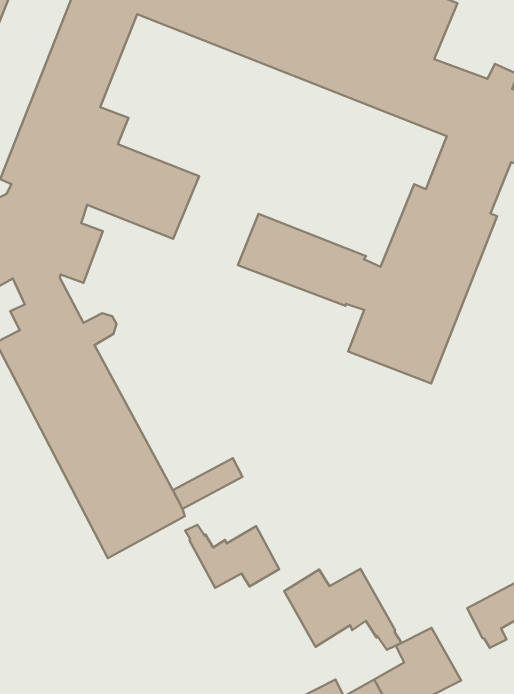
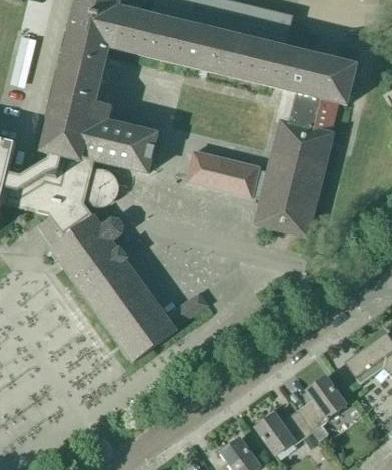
building: [185,525,279,588] -> none
building: [284,569,402,650] -> none

